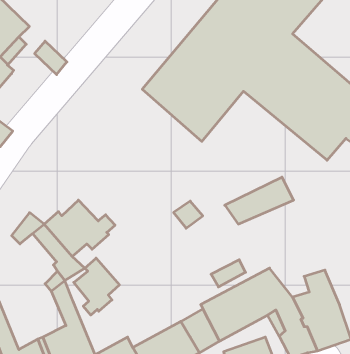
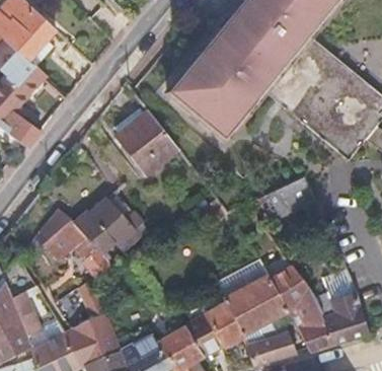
building: none -> [117,113,176,175]
building: [74,258,119,315] -> none

